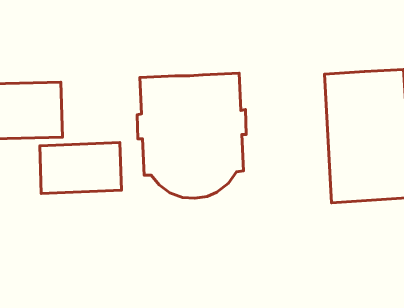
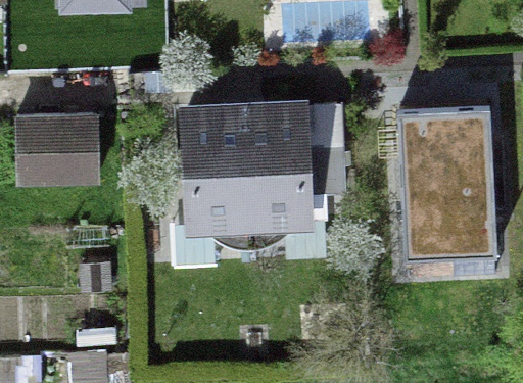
building: [40,143,121,193] -> none

